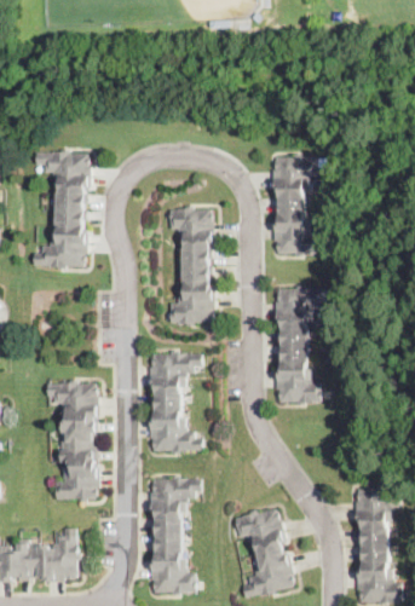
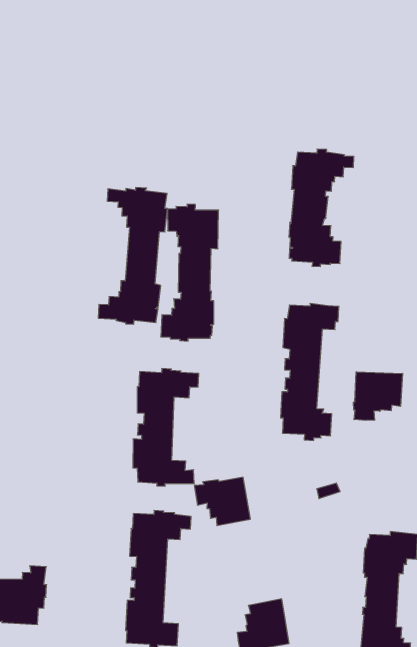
building: [33,150,88,270] -> [98,188,168,324]
building: none -> [354,372,403,420]
building: [46,380,99,502] -> none
building: [235,509,286,553] -> [194,477,250,526]

